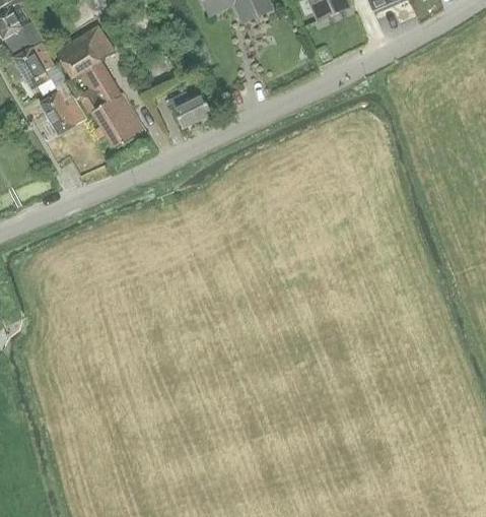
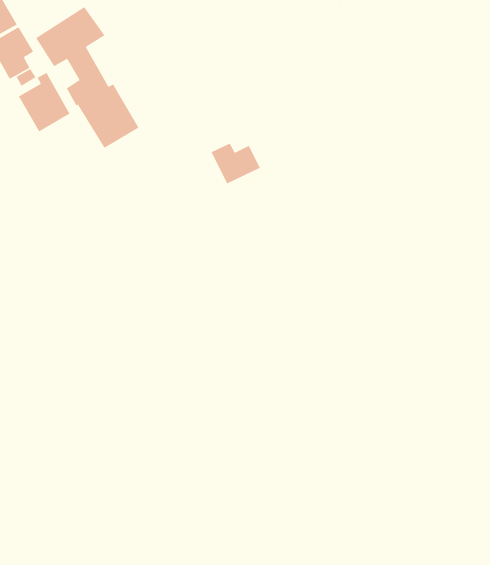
building: [167,90,211,127] -> [210,142,261,184]

